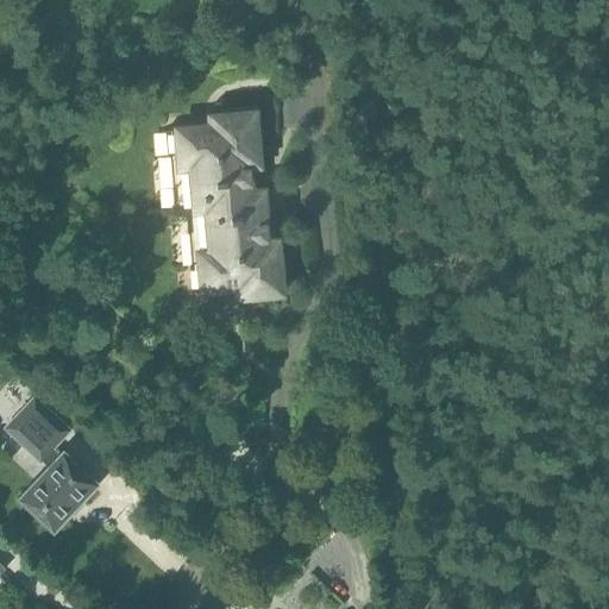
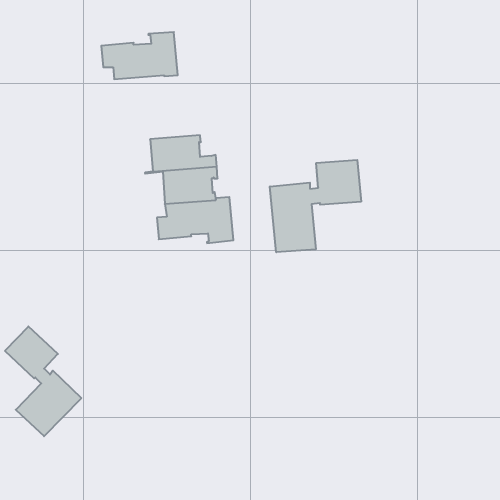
building: [168,112,260,169] -> [101,32,178,79]
building: none -> [270,160,361,252]

